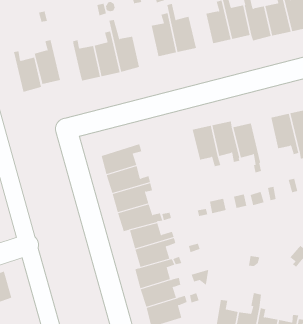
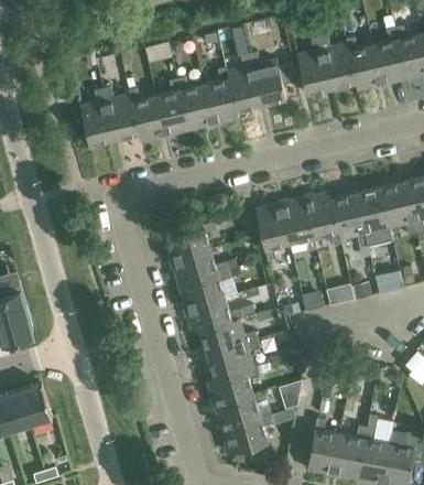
building: none -> [205,67,239,125]
building: [13,51,42,92] -> [101,88,138,141]
building: none -> [356,188,392,247]
building: none -> [256,204,290,261]

